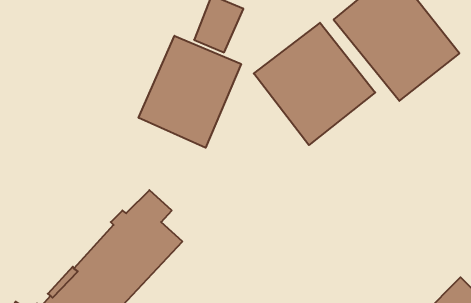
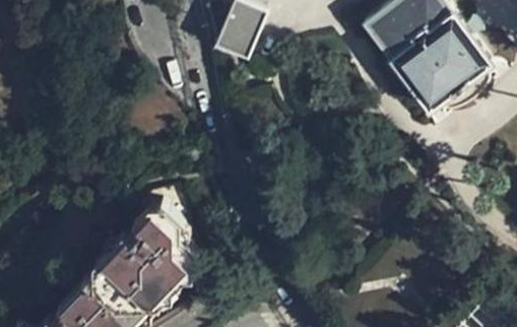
building: [254,23,375,145] -> none
building: [139,36,241,148] -> none

